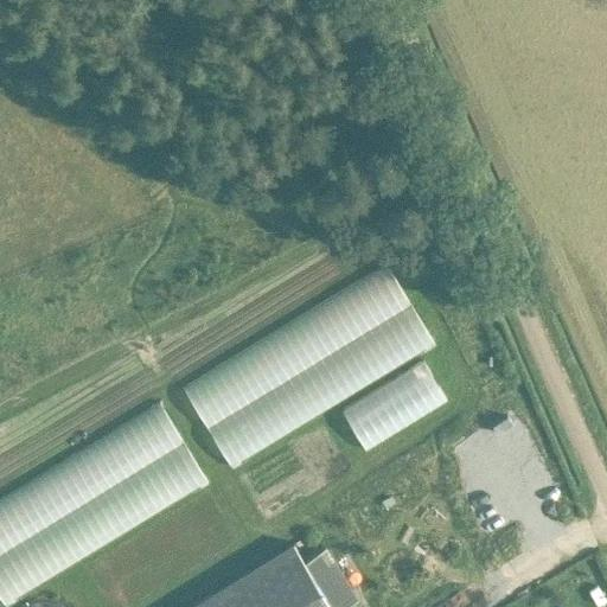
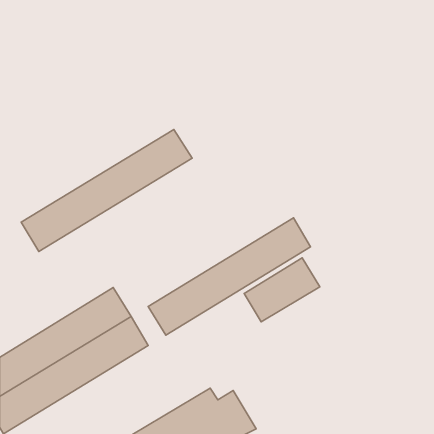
building: none -> [21,130,192,251]
building: [181,263,409,428] -> none

